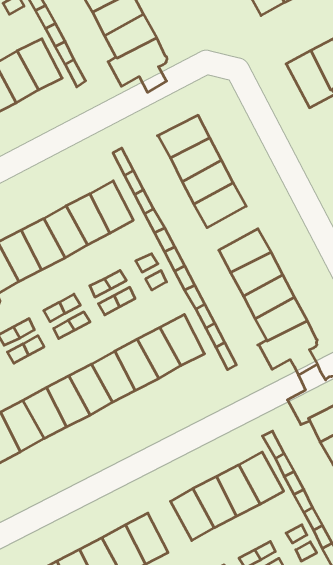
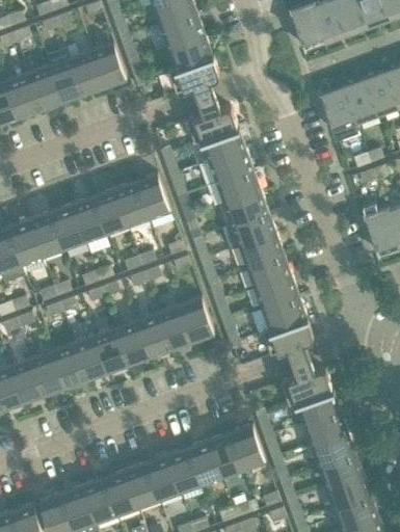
building: none -> [185,95,238,144]
building: none -> [221,212,275,250]
building: none -> [145,456,180,500]

